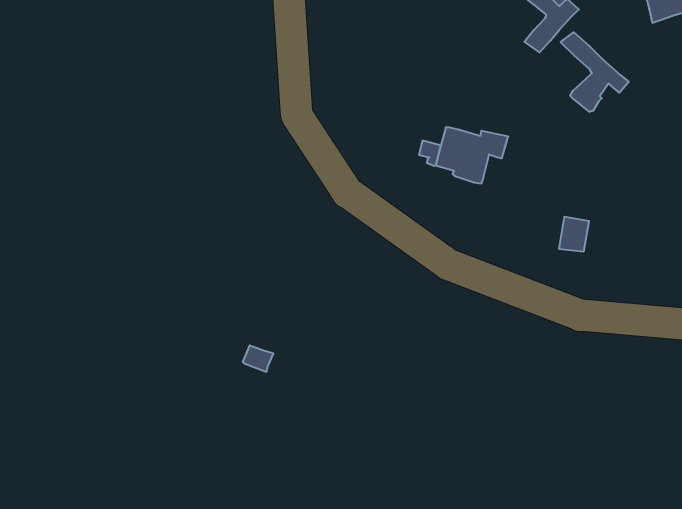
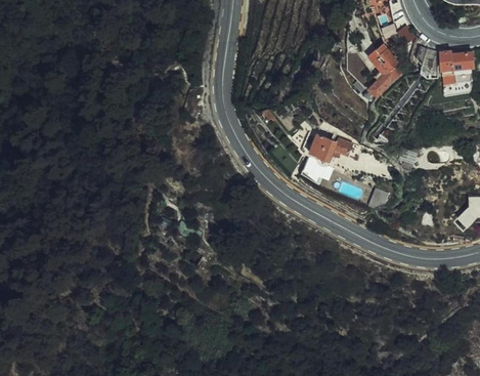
building: [561,32,629,112] -> none

